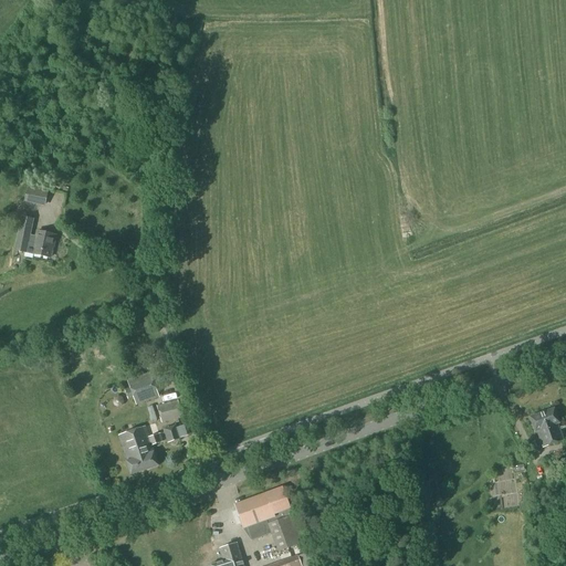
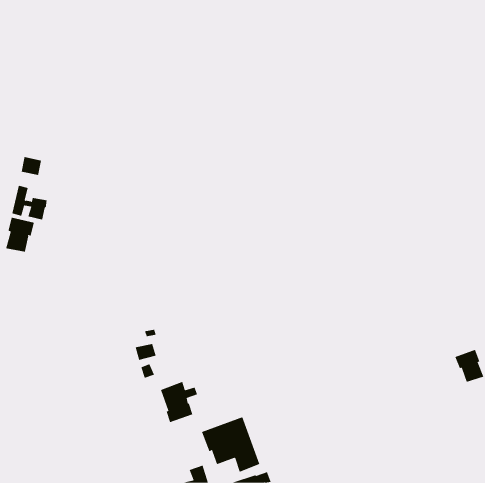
building: none -> [6,217,35,252]
building: [127,371,159,403] -> none
building: [119,424,164,473] -> [160,381,198,423]

